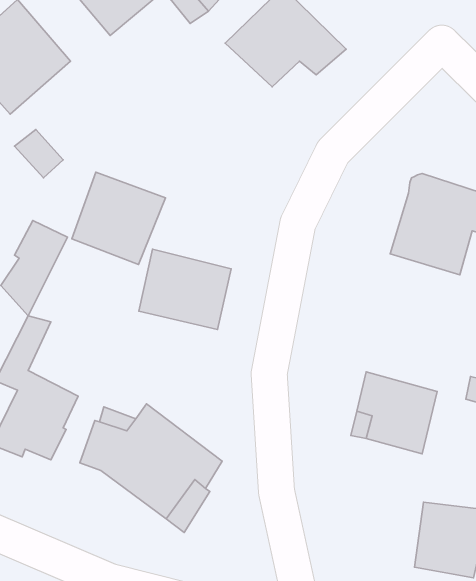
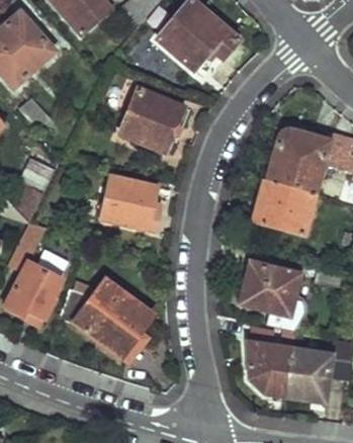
building: [72,172,166,265] -> [119,91,182,153]
building: none -> [262,180,316,233]
building: none -> [249,342,291,390]

